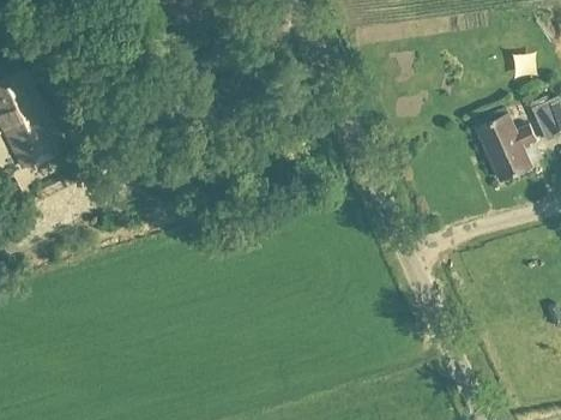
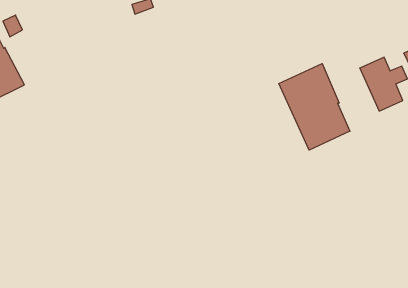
building: none -> [279,64,350,150]

